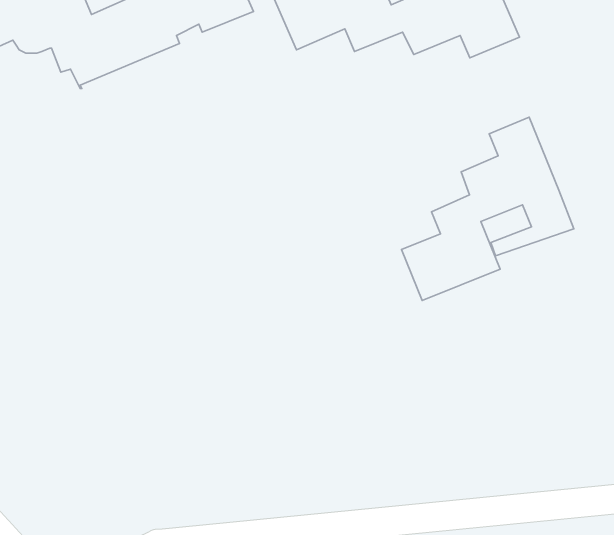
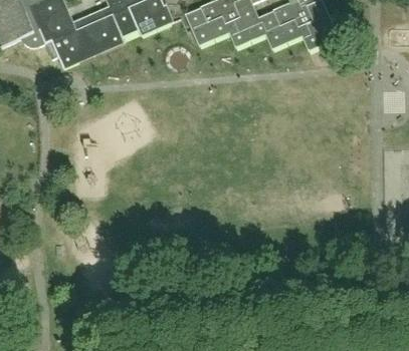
building: [402,117,574,300] -> none

